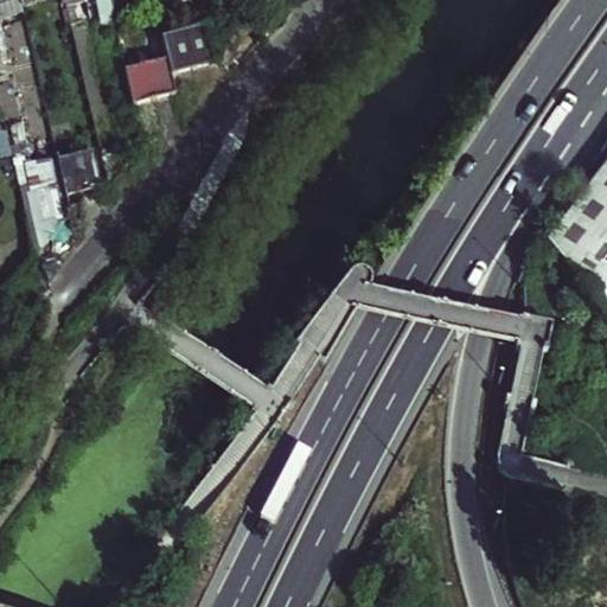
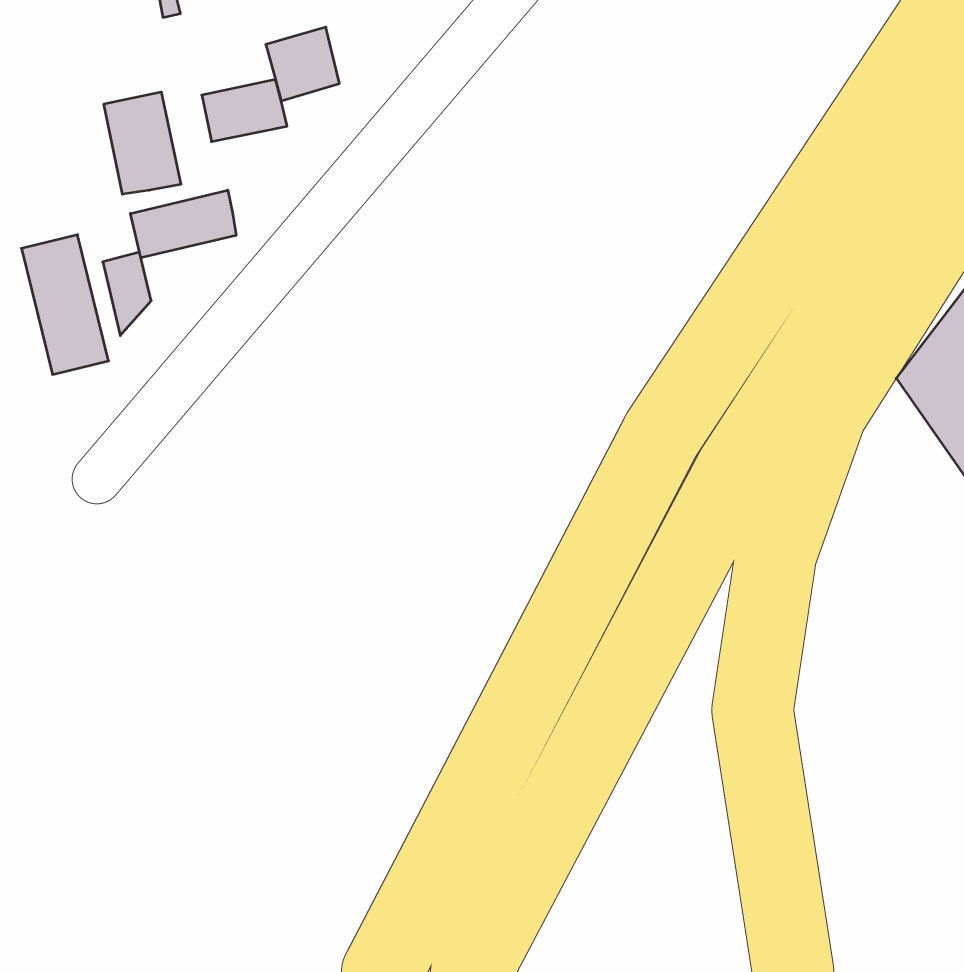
building: none -> [104,92,181,194]
building: none -> [130,190,236,258]

